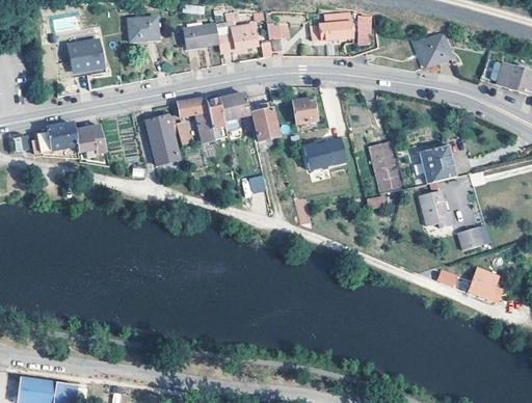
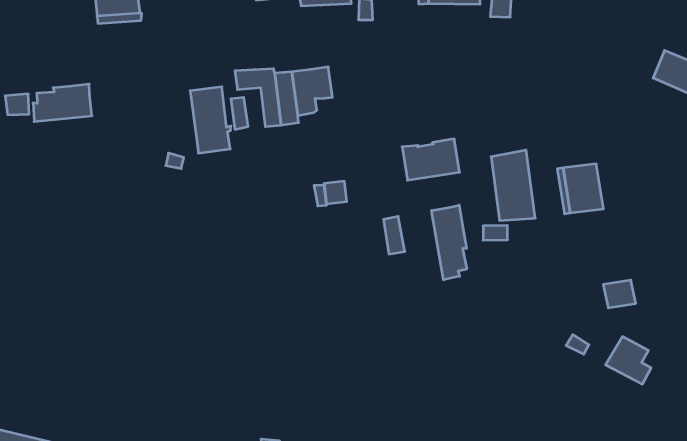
building: [417,32,451,65] -> none
building: [292,97,316,123] -> none
building: [249,100,277,140] -> none
building: [73,124,105,152] -> none
building: none -> [432,205,467,280]
building: [420,189,454,227] -> none

